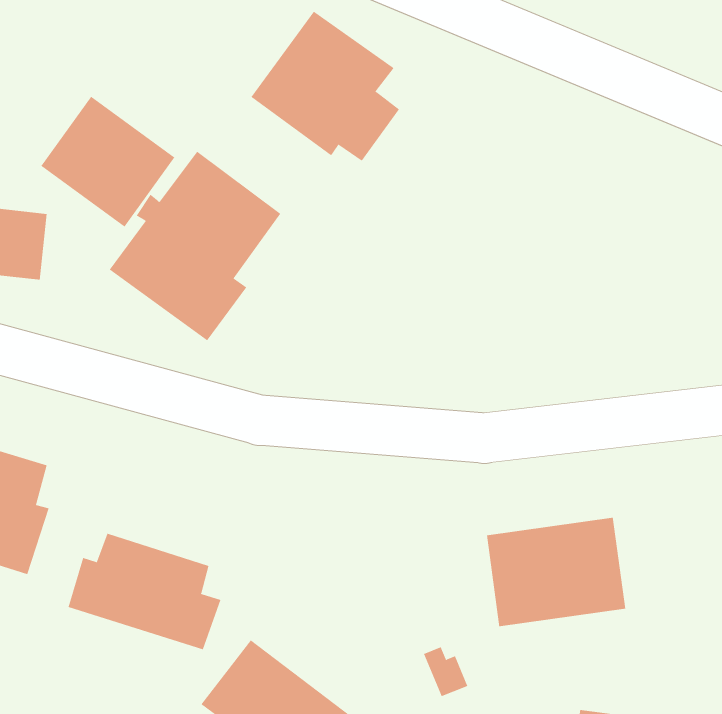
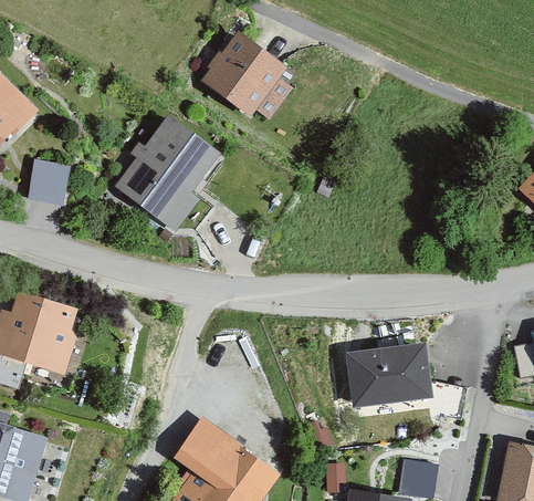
building: [40,96,175,227] -> none
building: [68,533,221,650] -> none

